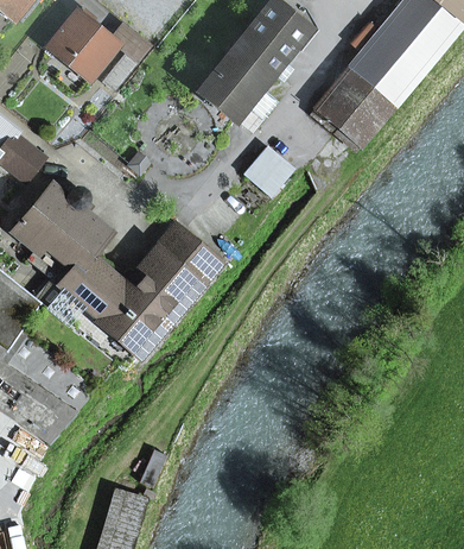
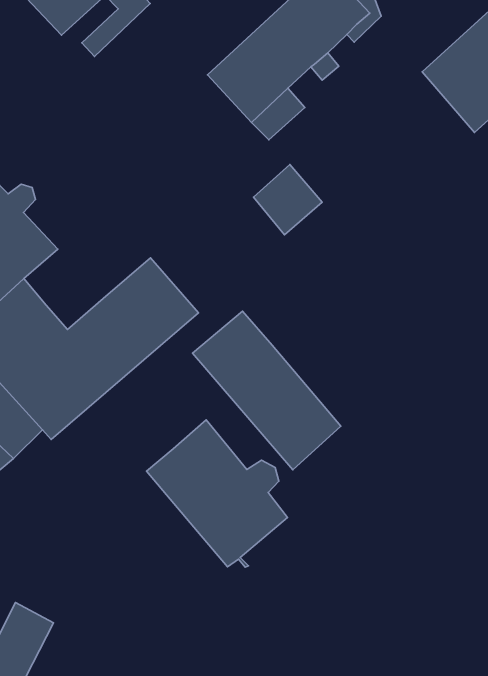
building: [317,64,395,149] -> none
building: none -> [193,311,341,470]
building: none -> [146,420,287,567]

